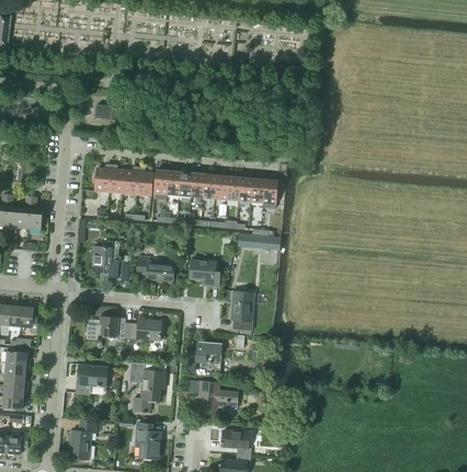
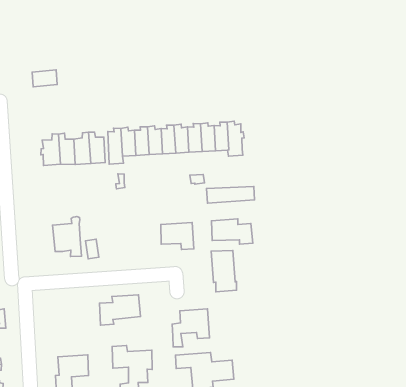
building: [136,256,173,283] -> none
building: none -> [211,219,253,244]
building: [86,315,125,343] -> none

